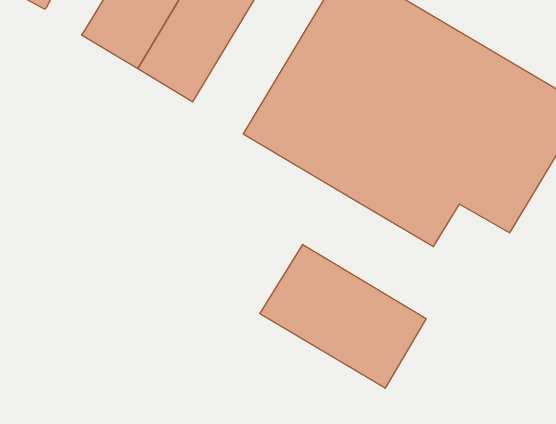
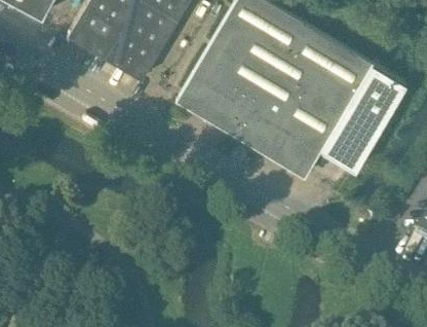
building: [260,244,426,388] -> none

